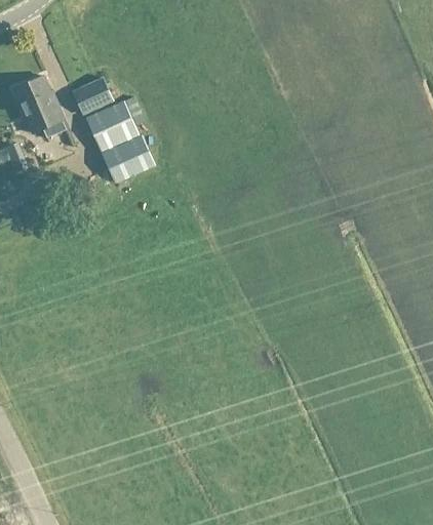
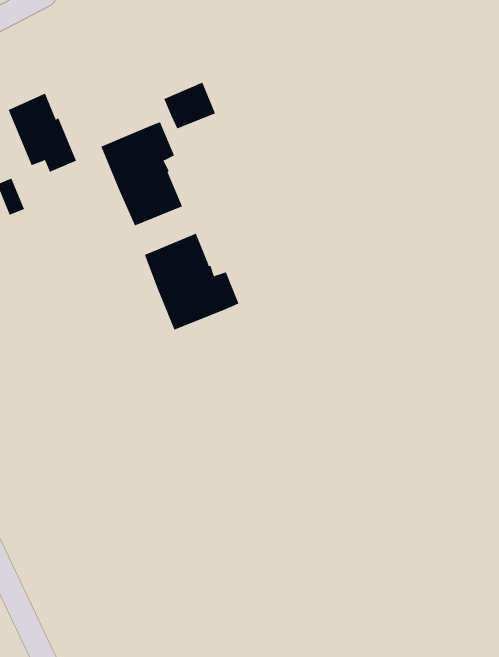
building: [73,77,114,114] -> [164,82,216,129]
building: none -> [144,233,239,331]

